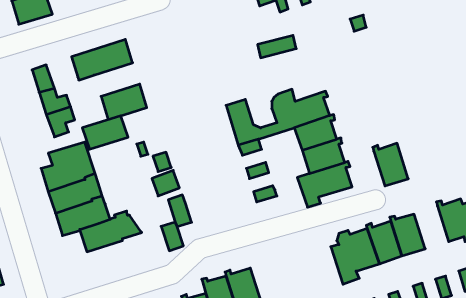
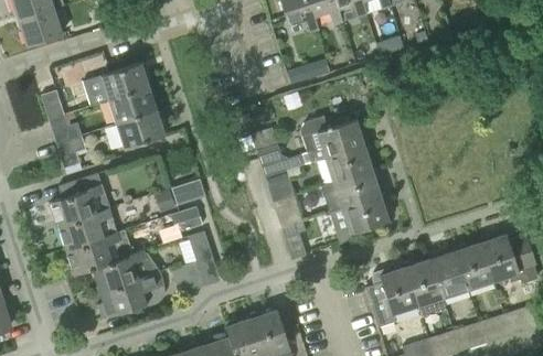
building: [82,116,128,149] -> [108,88,158,125]
building: [373,143,408,186] -> [455,244,493,290]
building: none -> [97,272,164,320]

